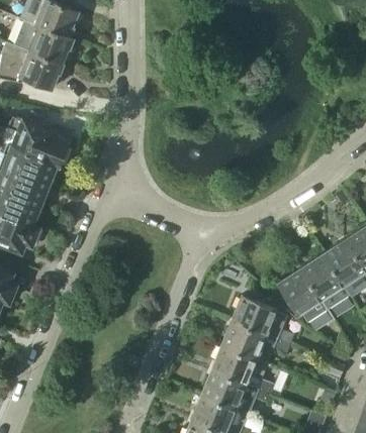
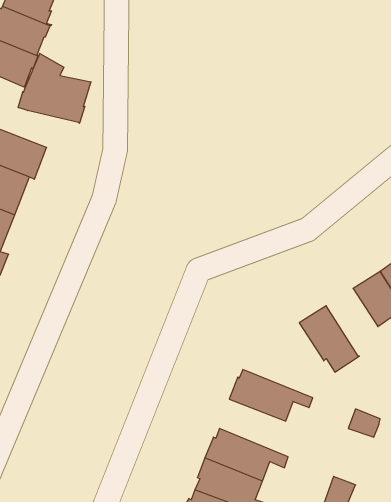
building: none -> [18,53,91,123]
building: [300,255,349,311] -> none
building: [232,295,294,345] -> none
building: [212,346,273,394] -> none

